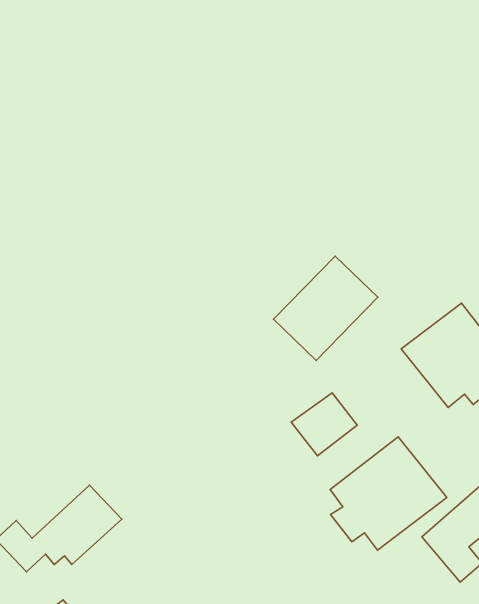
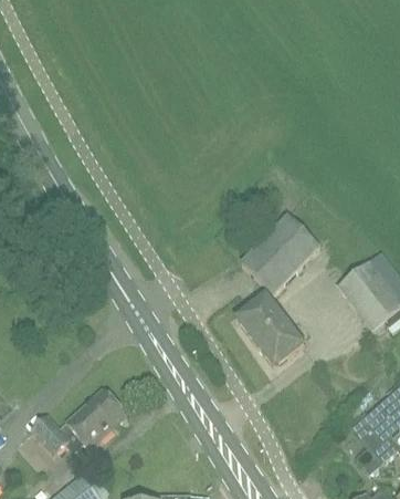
building: none -> [235,293,285,341]
building: [330,437,447,550] -> none

